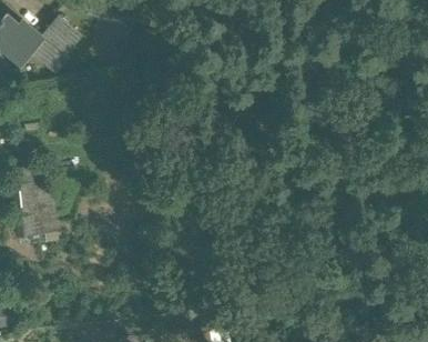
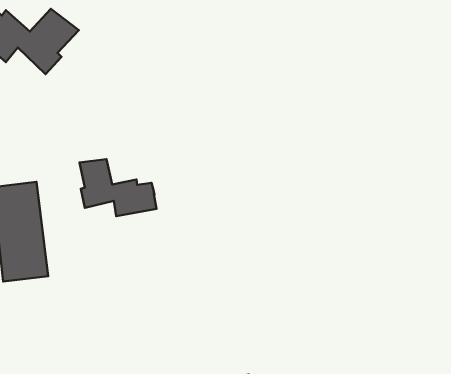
building: none -> [79,159,157,216]

